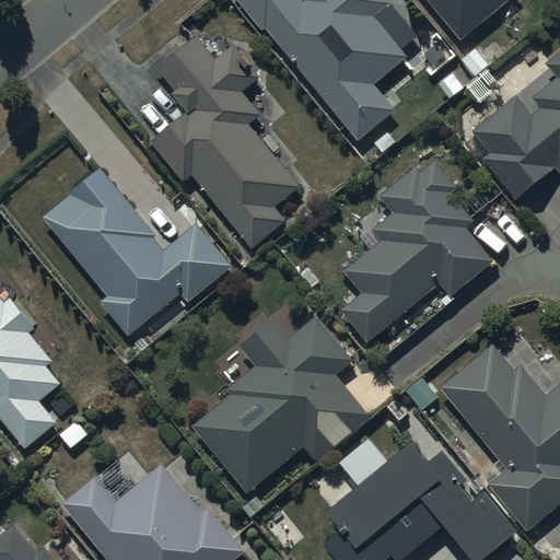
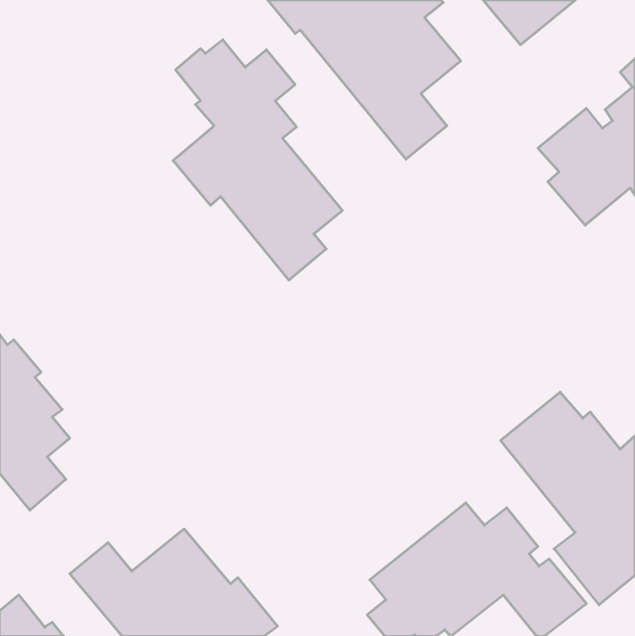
building: [339,161,491,341] -> none
building: [43,168,231,335] -> none
building: [192,315,370,492] -> none

